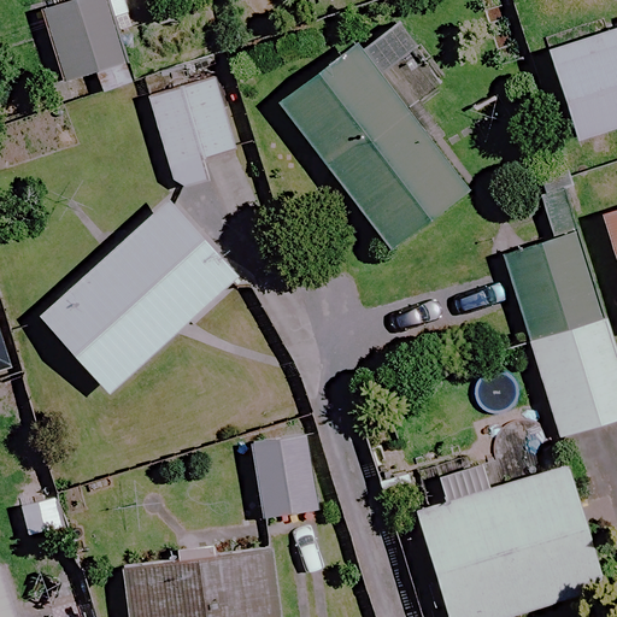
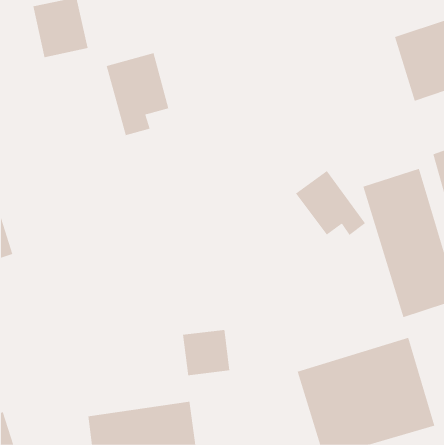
building: [284,47,468,246] -> none
building: [41,196,241,393] -> none
building: none -> [295,170,366,236]

